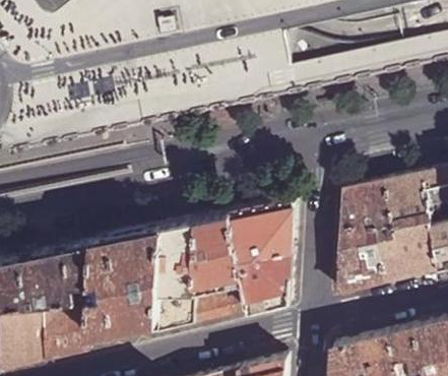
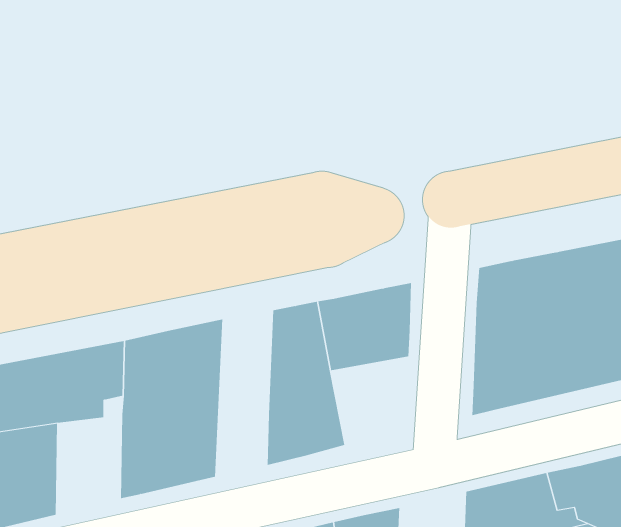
building: [156,218,196,335] -> none
building: [237,251,292,313] -> none
building: [45,292,90,362] -> none

